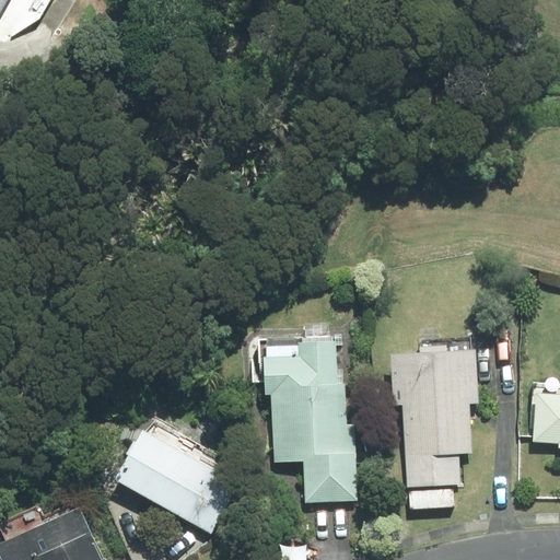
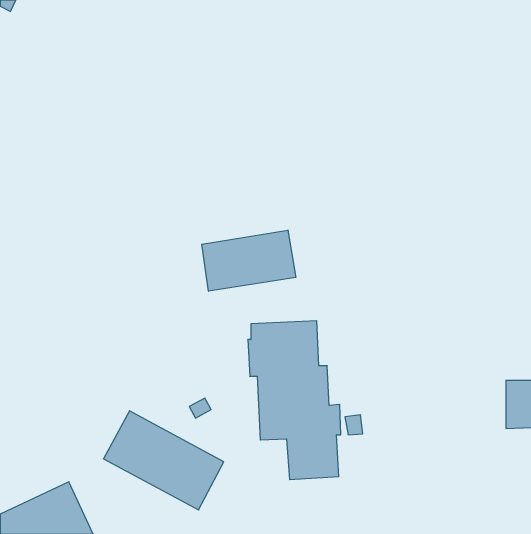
building: none -> [202,230,296,291]
building: [388,348,477,488] -> none

